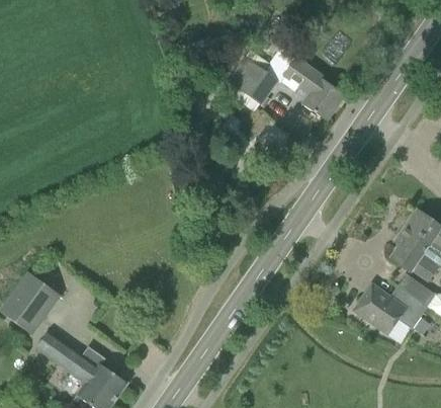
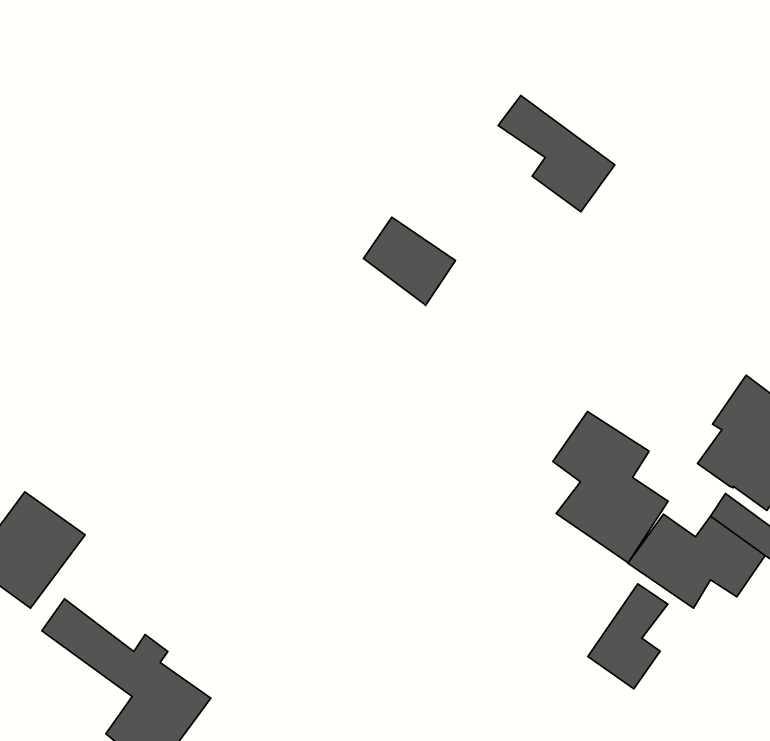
building: [227,57,276,104] -> [364,217,456,305]
building: none -> [553,411,668,563]
building: none -> [588,584,668,689]

